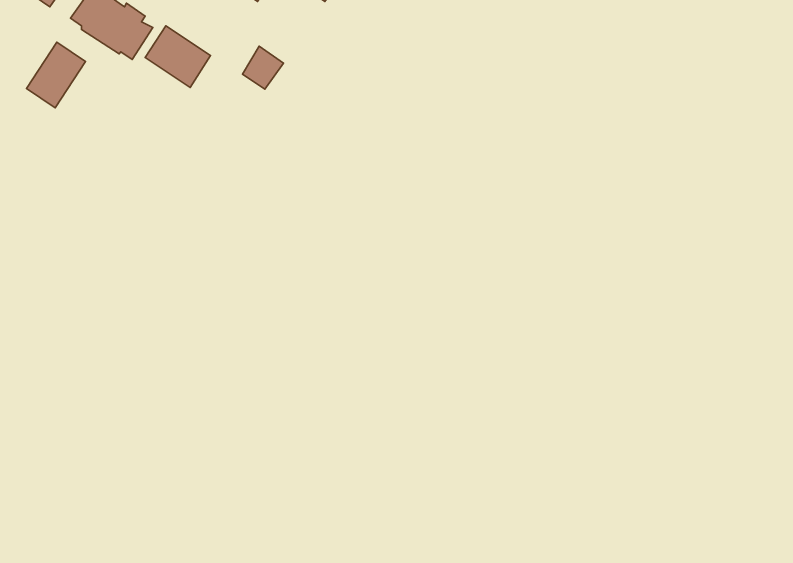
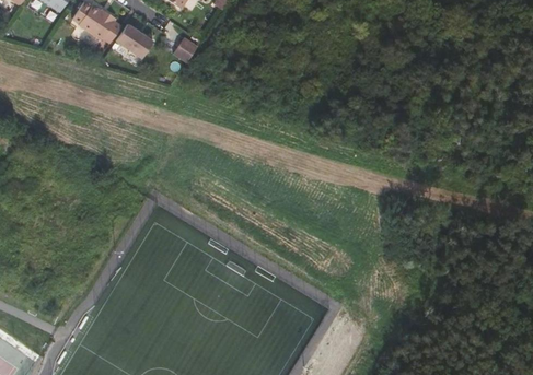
building: [26,42,85,108] -> none

